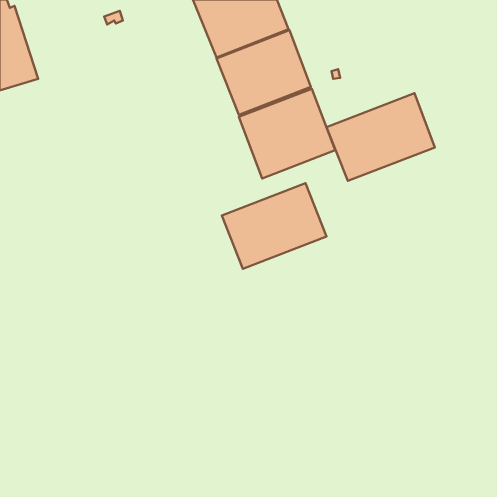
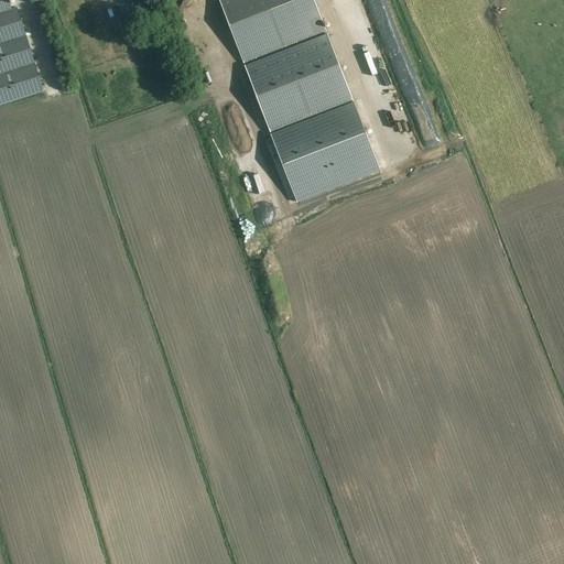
building: [327,93,435,181] -> none
building: [222,183,327,269] -> none

